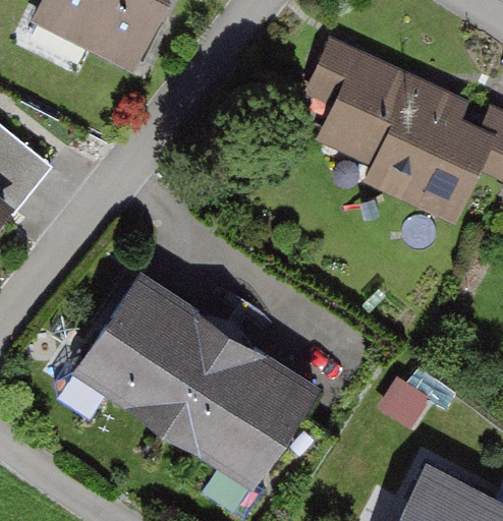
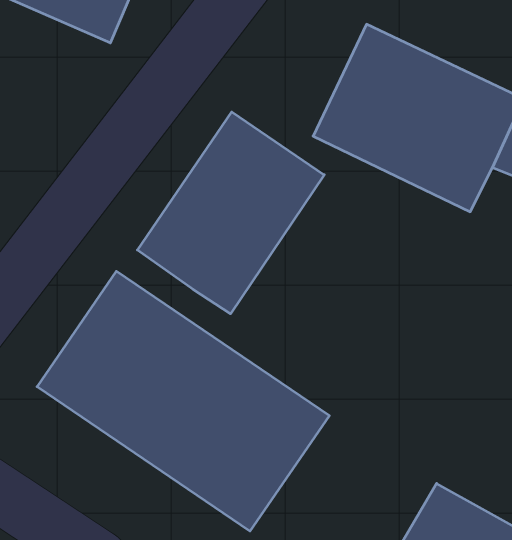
building: none -> [137,112,324,314]

